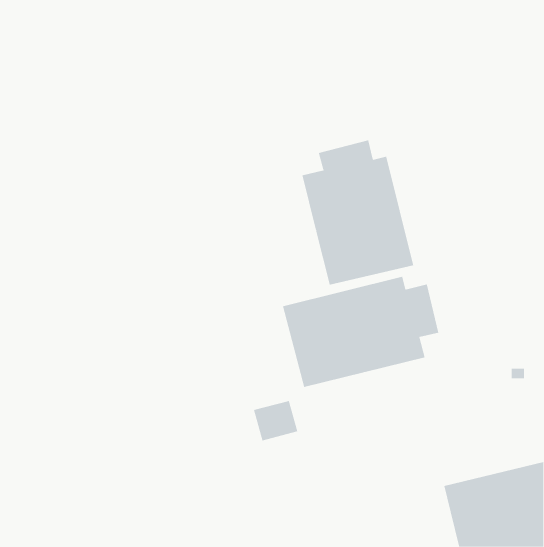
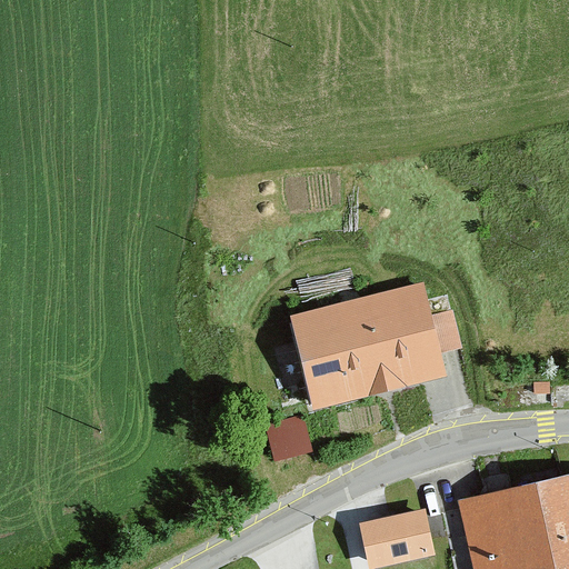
building: [302,140,414,286] -> none
building: none -> [359,512,426,563]

